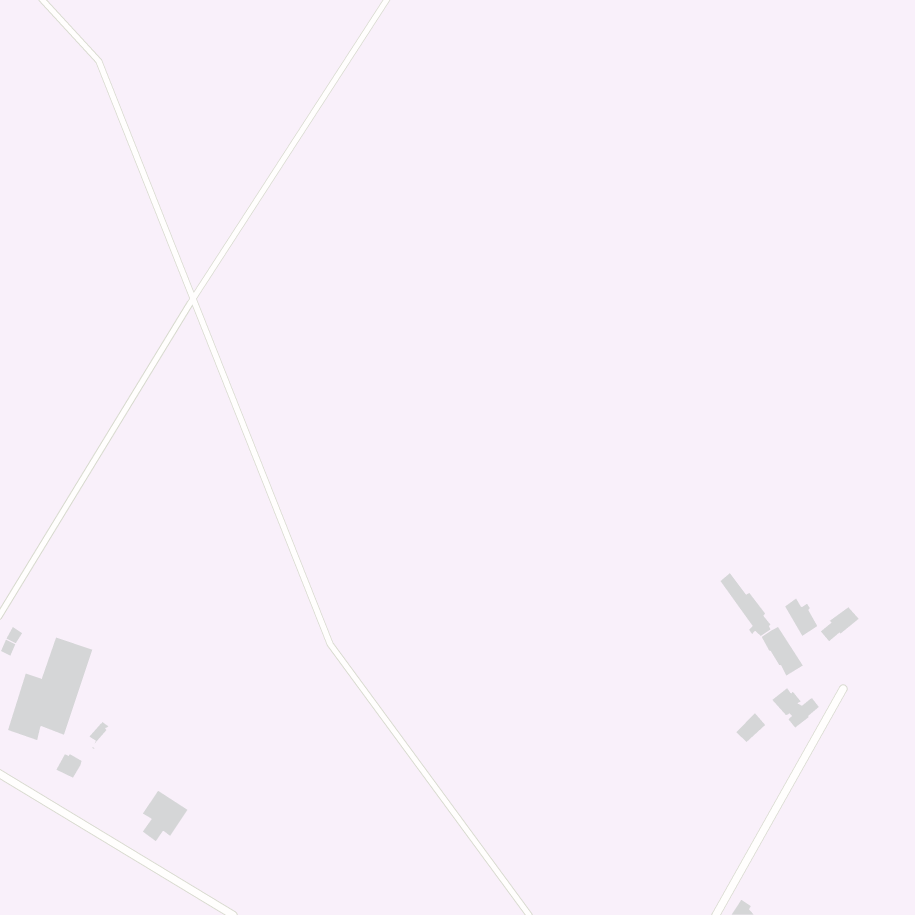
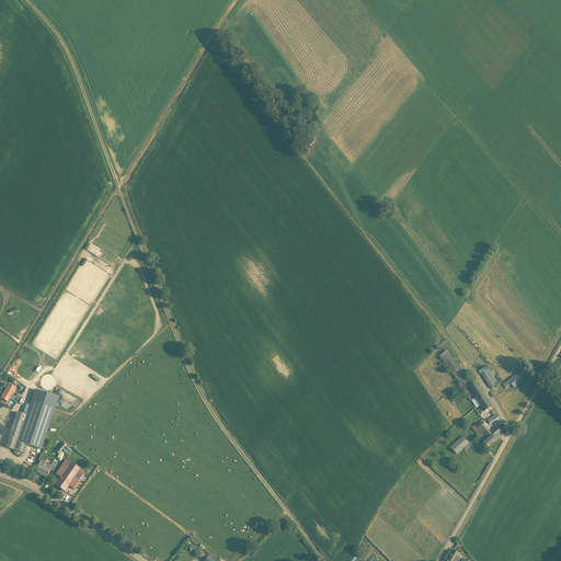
building: [142,790,189,842] -> [55,459,83,491]

